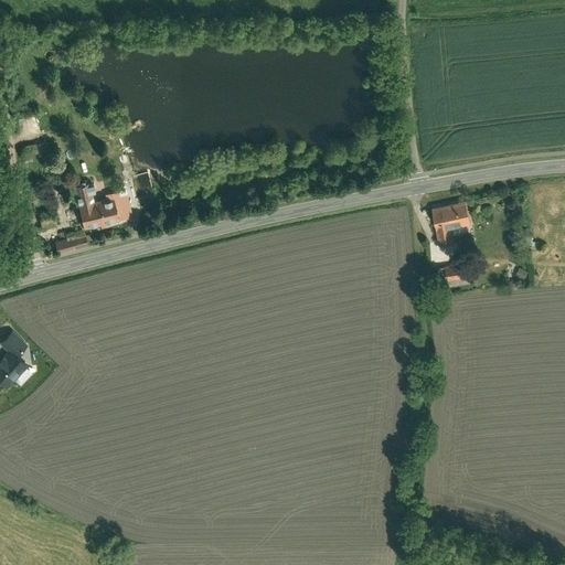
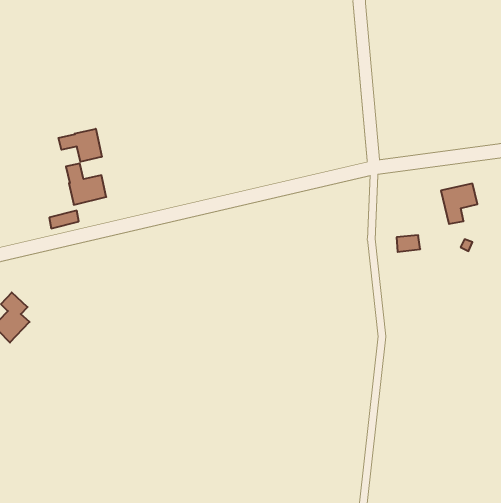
building: none -> [58,129,102,162]
building: [430,201,471,246] -> [441,184,477,224]

